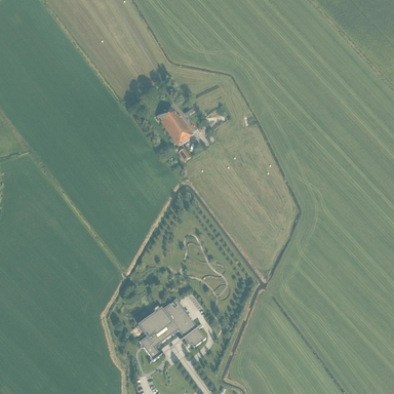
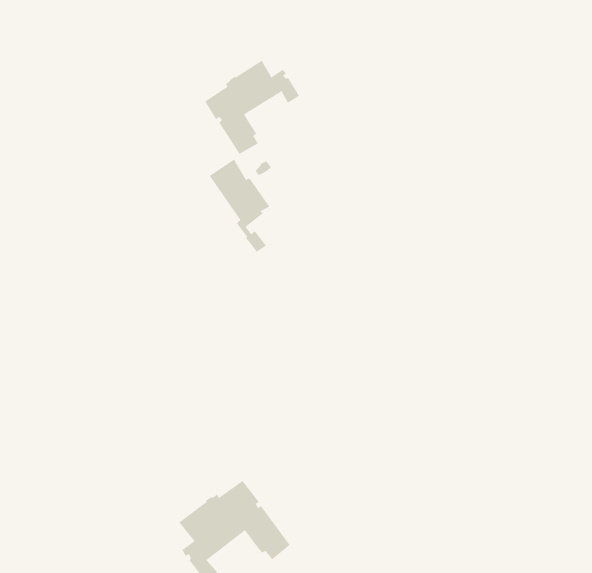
building: none -> [205,60,300,155]

